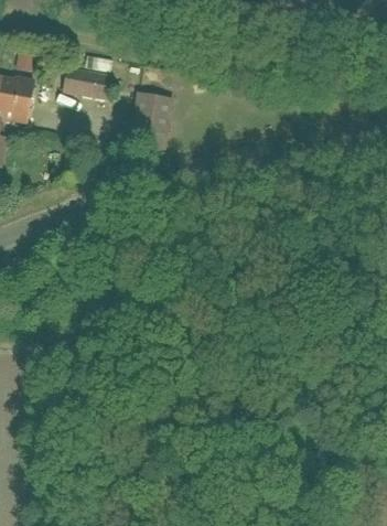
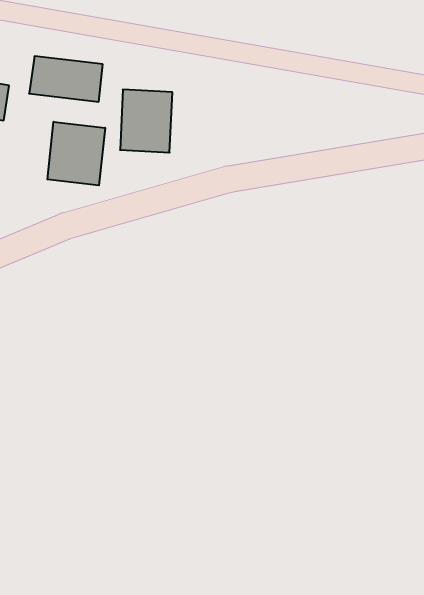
building: none -> [47,122,105,185]

